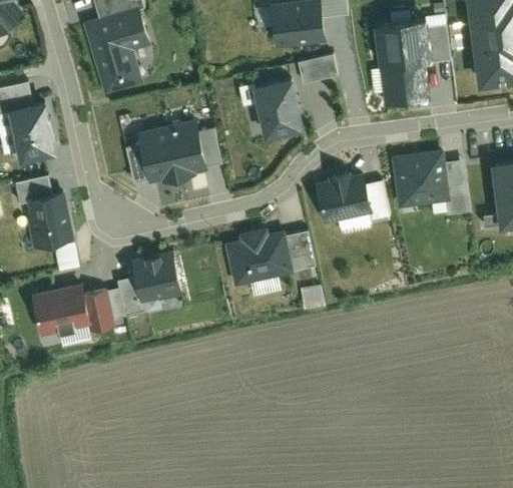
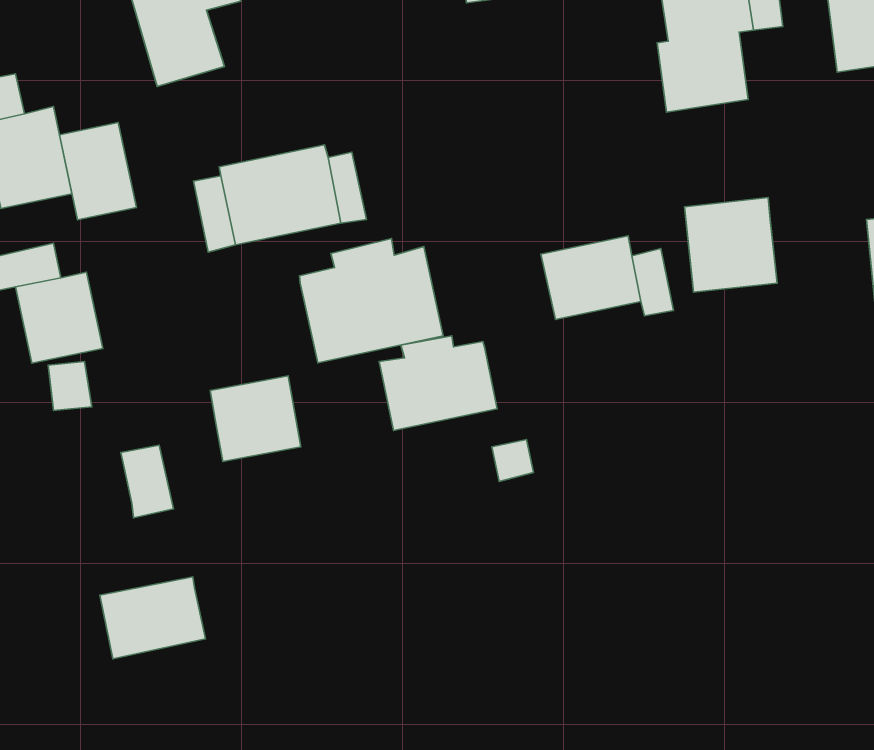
building: [298,55,336,82] -> none
building: [255,78,305,135] -> none
building: none -> [59,122,136,220]
building: [442,162,468,213] -> none
building: none -> [300,238,443,363]
building: [285,230,314,270] -> none
building: [119,277,142,313] -> none
building: [32,288,90,333] -> [100,577,205,659]

